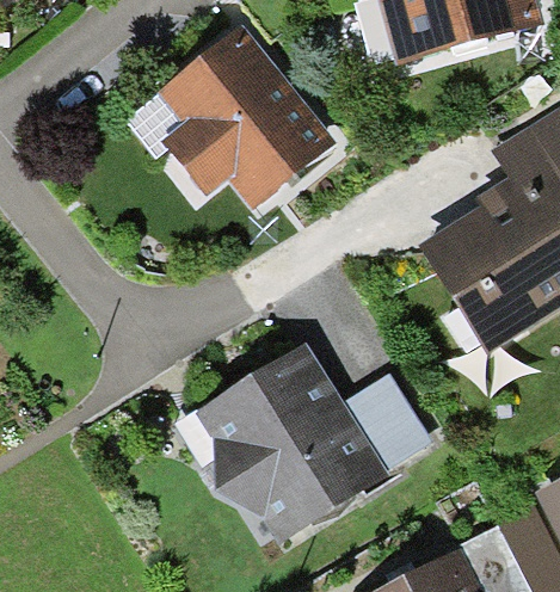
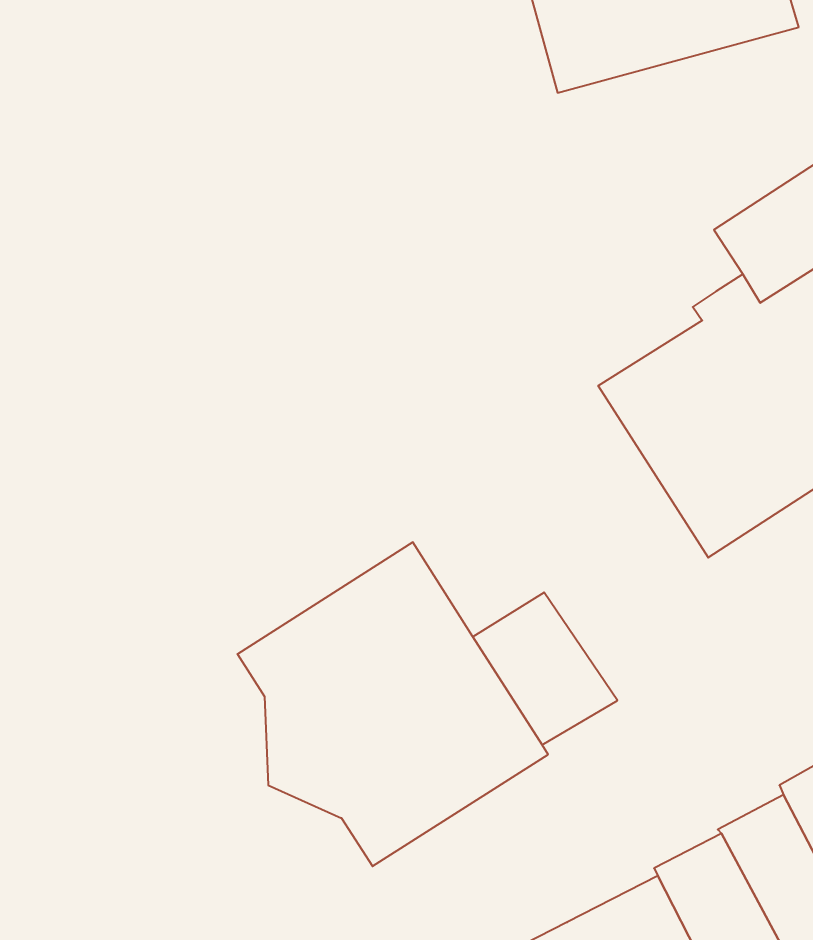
building: [158,25,337,209] -> none

